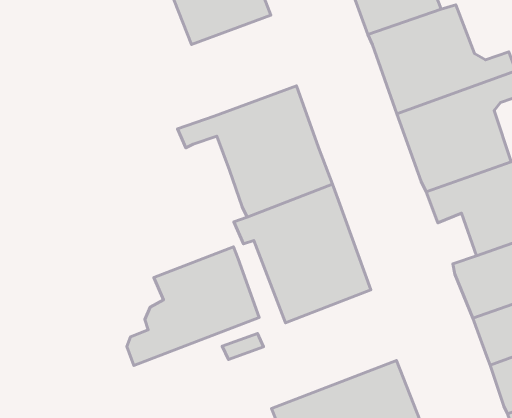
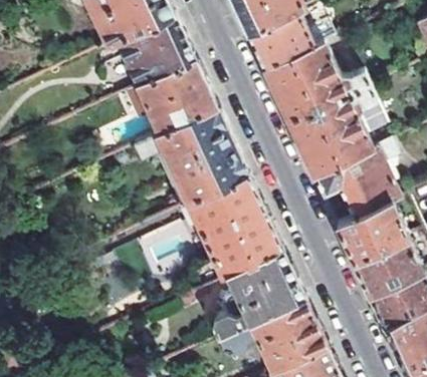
building: none -> [138,62,216,136]
building: [127,247,259,366] -> [211,250,302,339]

